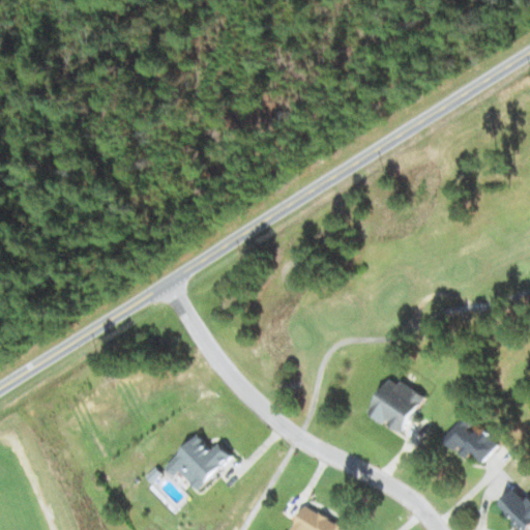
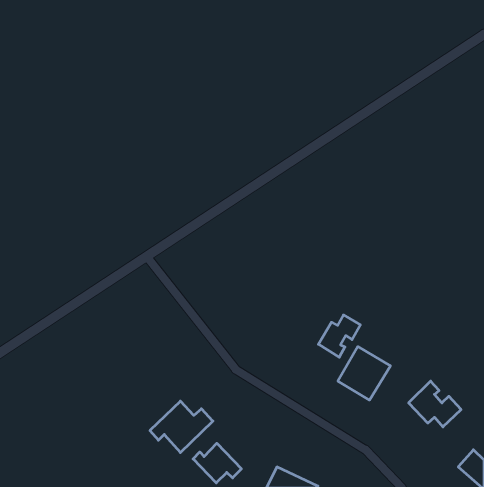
building: none -> [318,315,360,357]
building: none -> [193,443,241,483]

